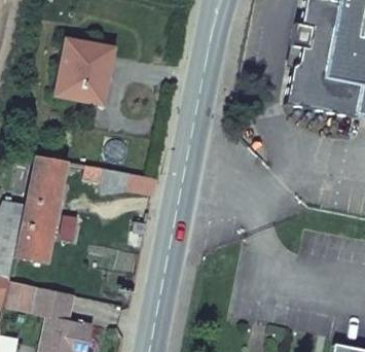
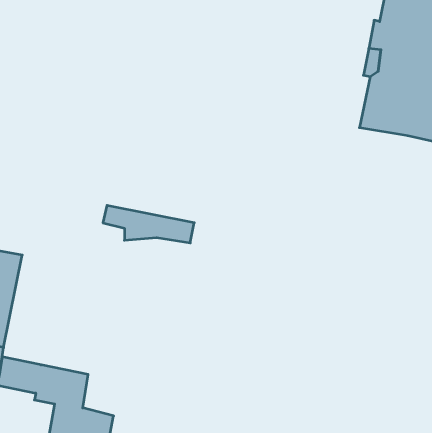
building: [60,41,106,102] -> none
building: [19,154,67,262] -> none

